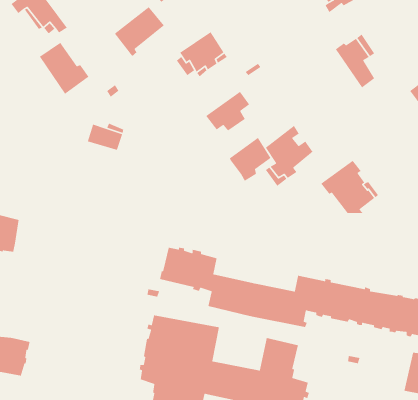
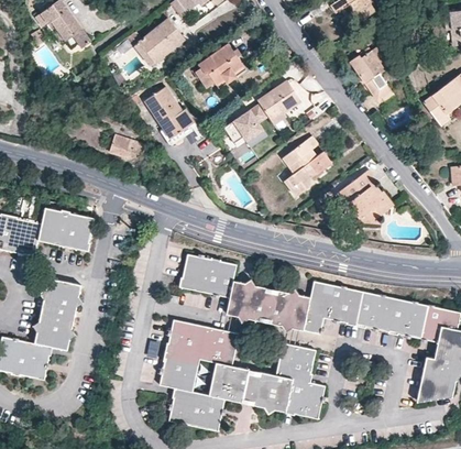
building: [39,42,90,95] -> [144,86,194,138]
building: [229,137,272,182] -> [257,79,299,123]
building: none -> [40,213,92,258]
building: none -> [35,278,81,350]

